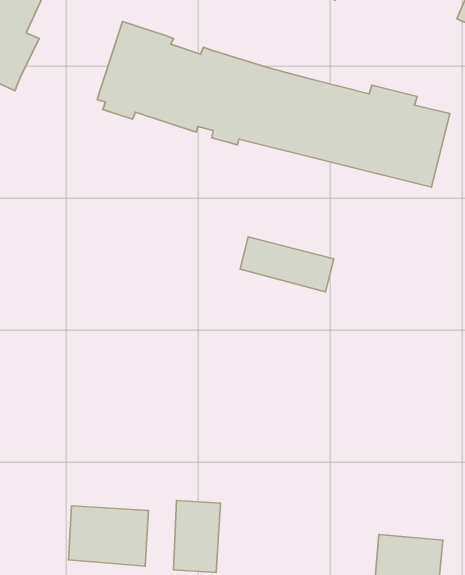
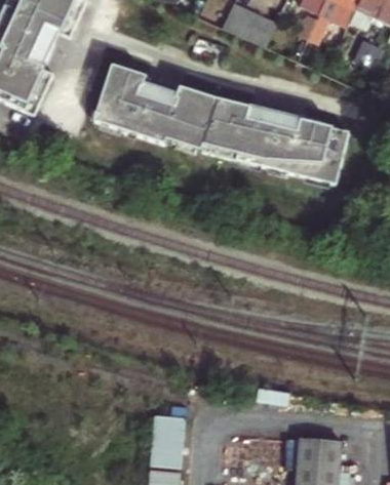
building: [240,237,334,292] -> none
building: [68,506,149,566] -> none

